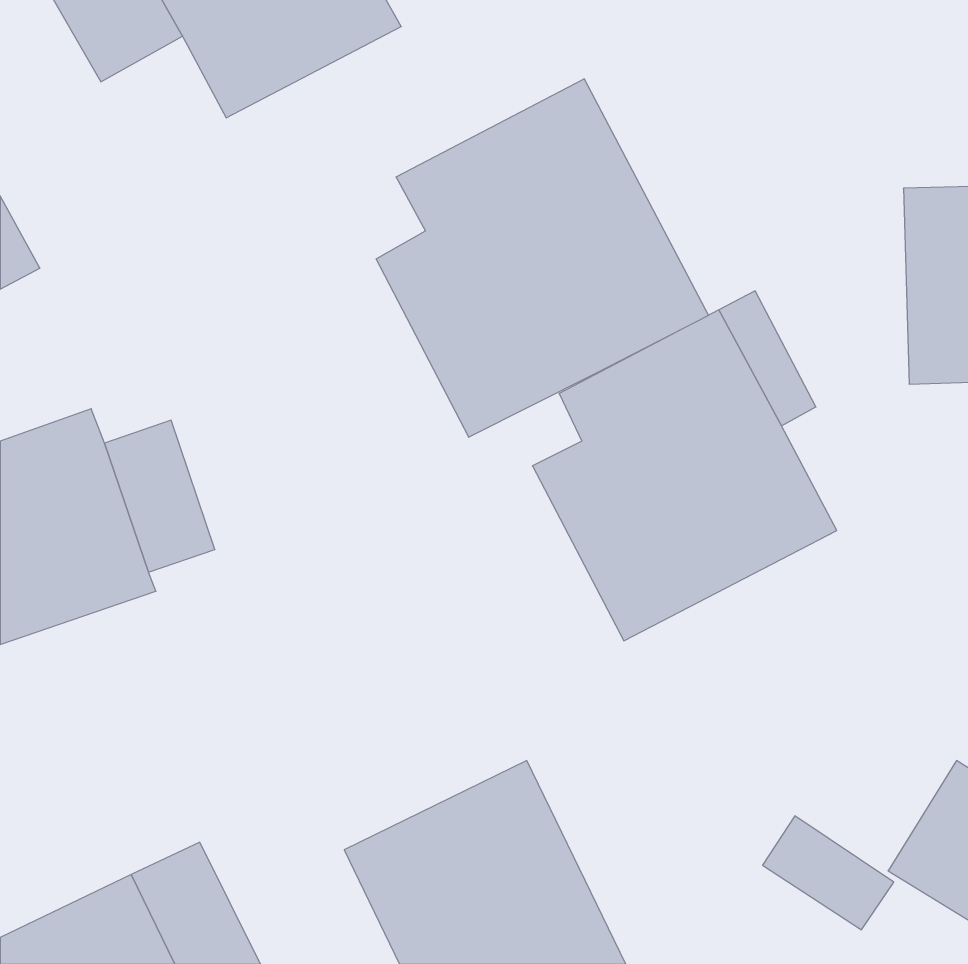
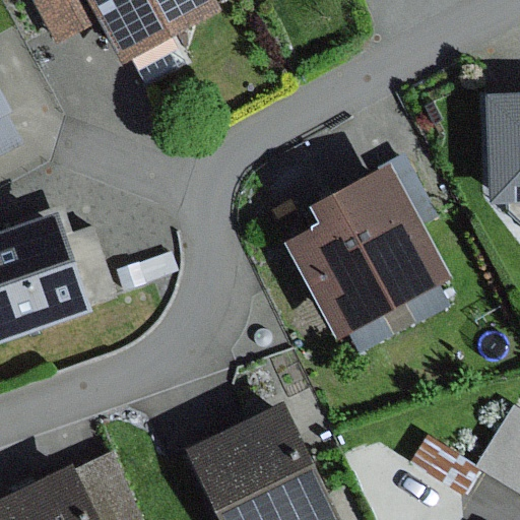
building: [376,79,709,437] -> none

